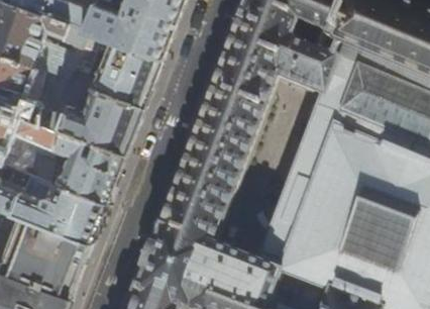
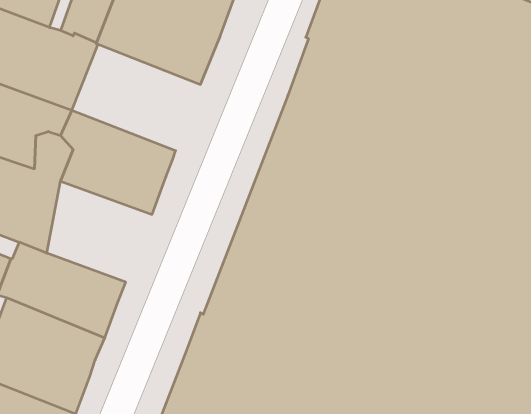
building: [64,34,157,112] -> none
building: [45,134,122,208] -> none

